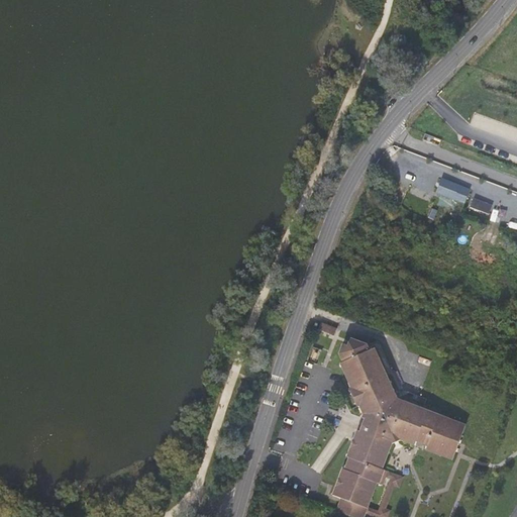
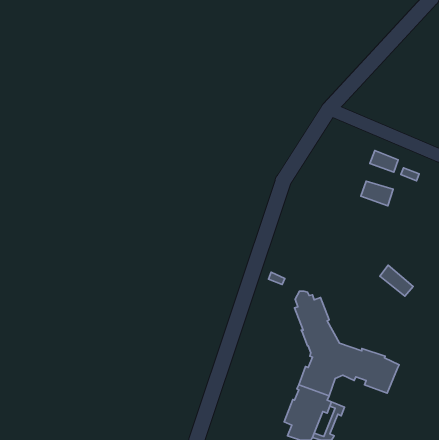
building: none -> [361,181,393,206]
building: none -> [380,265,413,296]

